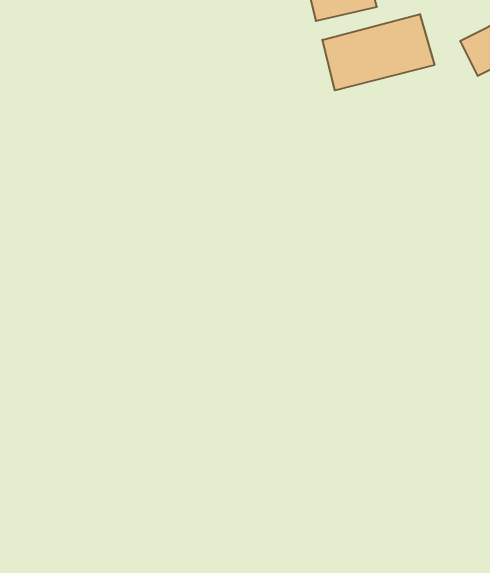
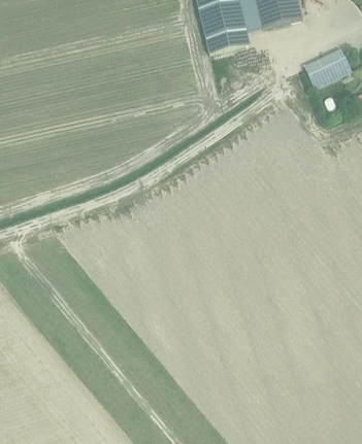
building: [322,14,434,90] -> none

